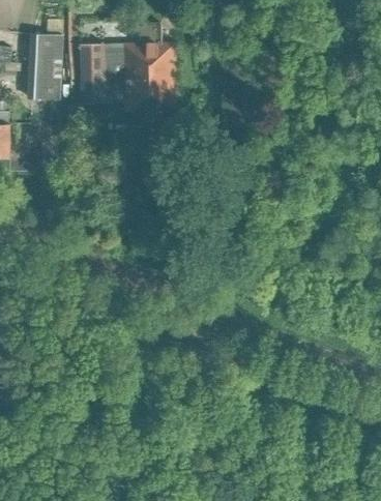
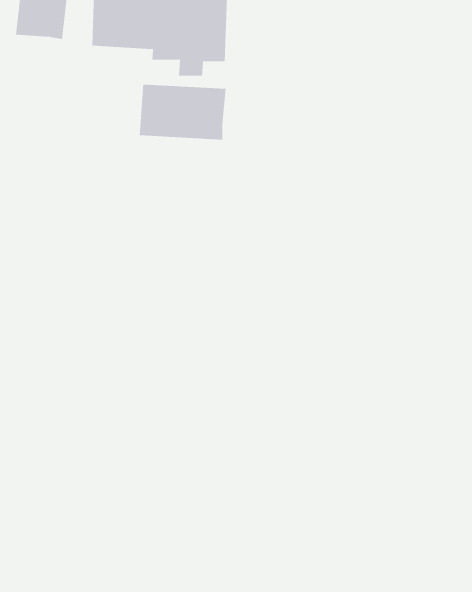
building: none -> [139,84,226,140]

